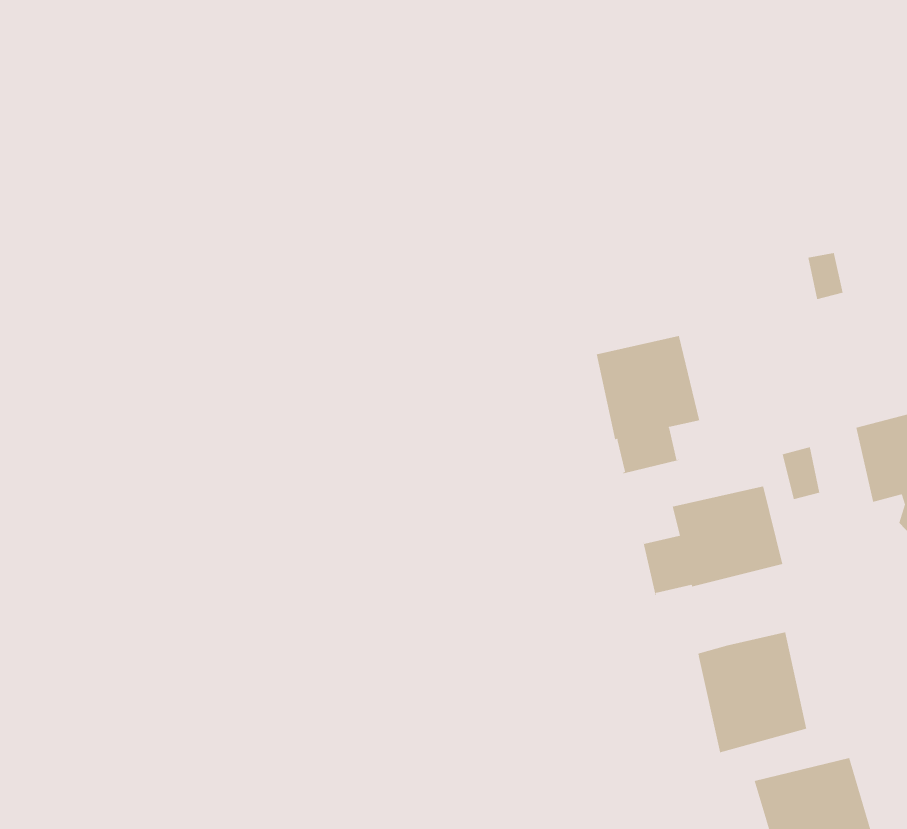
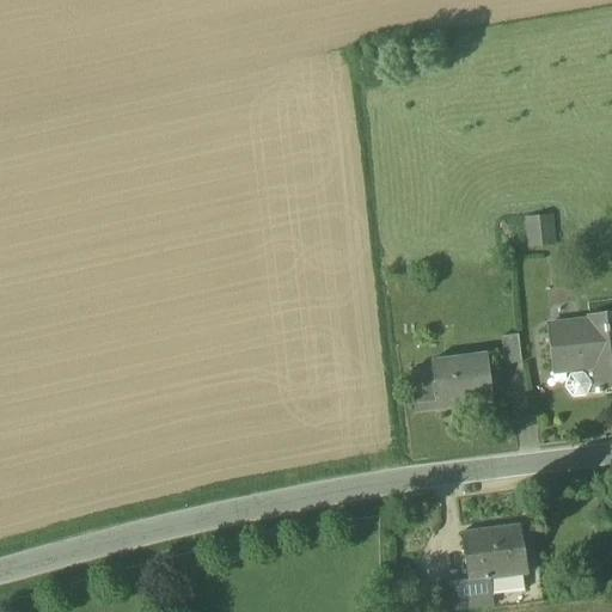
building: [596,335,700,474] -> none
building: [698,631,807,753] -> none

